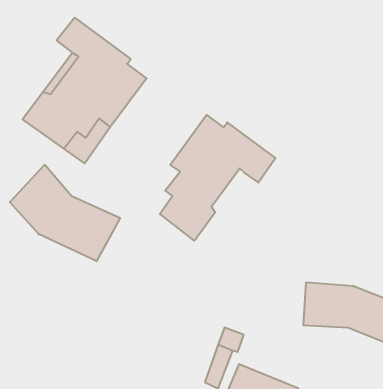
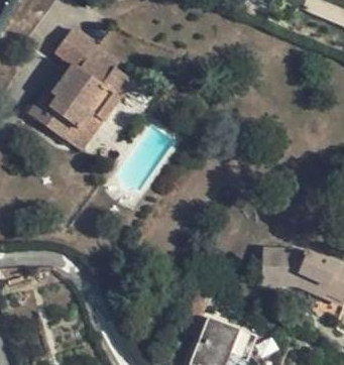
building: [160,115,275,241] -> none
building: [10,165,120,261] -> none

